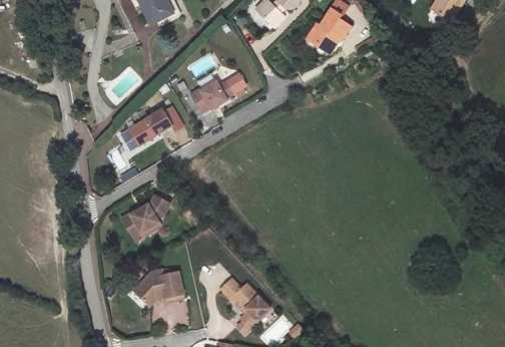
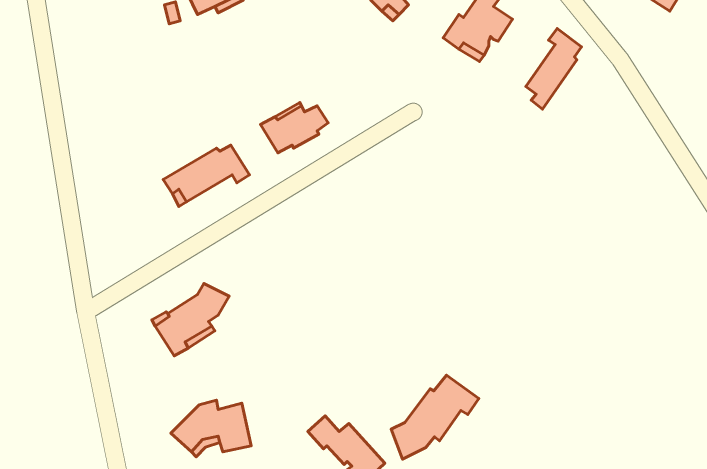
building: none -> [526,28,581,109]
building: none -> [391,375,479,459]

